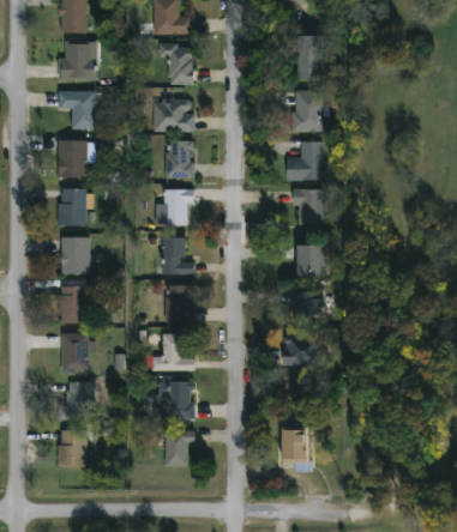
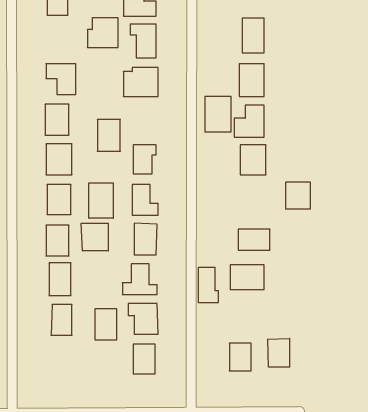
building: [59,43,96,79] -> [87,18,118,47]
building: none -> [205,96,231,132]
building: [167,140,194,179] -> [97,119,120,151]
building: none -> [89,183,113,218]
building: [296,244,326,277] -> [286,182,310,209]
building: none -> [81,223,108,251]
building: none -> [199,267,218,303]
building: none -> [268,338,290,367]
building: [59,430,85,467] -> [95,309,117,340]

